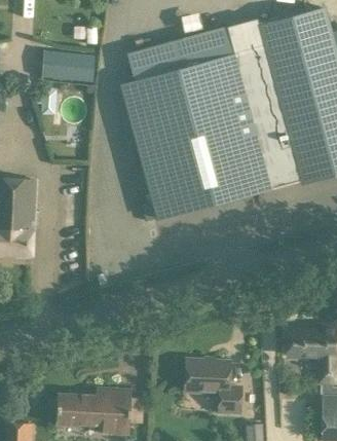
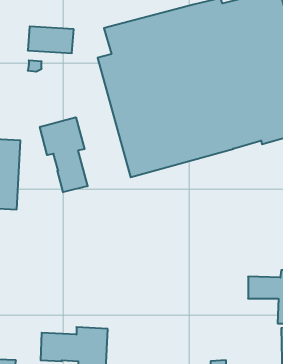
building: none -> [40,117,88,192]
building: [185,359,241,414] -> none

